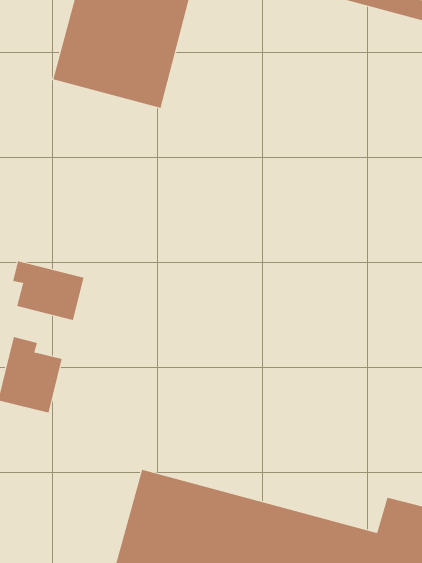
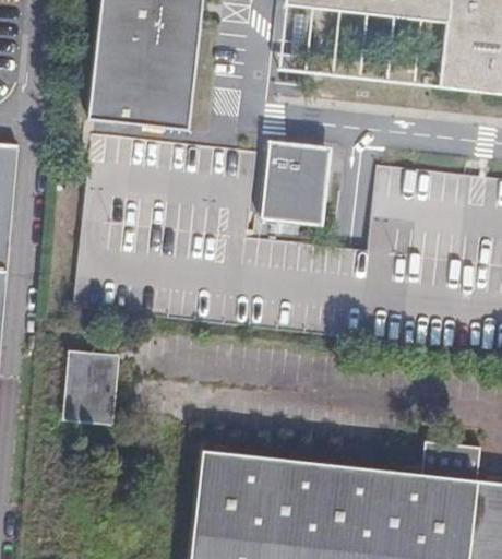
building: none -> [262,147,324,219]
building: [13,260,84,321] -> none

